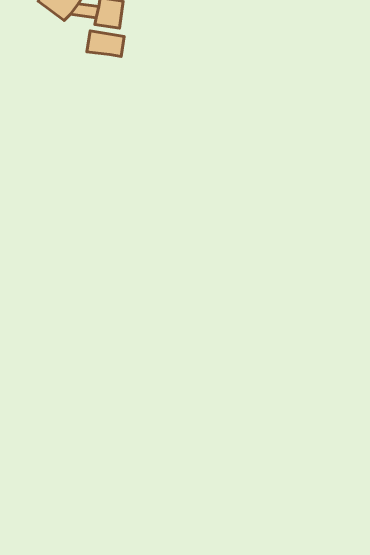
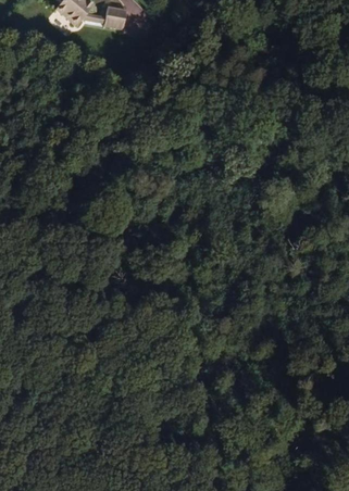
building: [87,31,124,57] -> none

